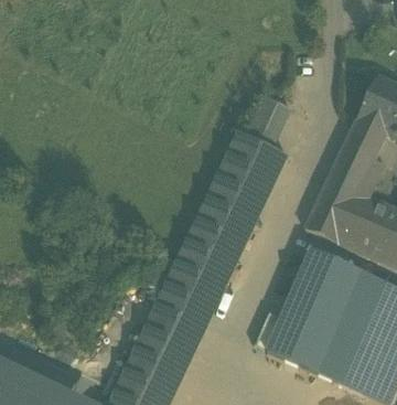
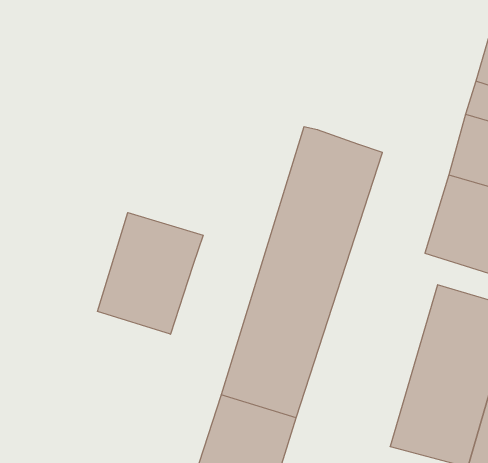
building: [245,96,289,149] -> none
building: none -> [97,213,203,334]

